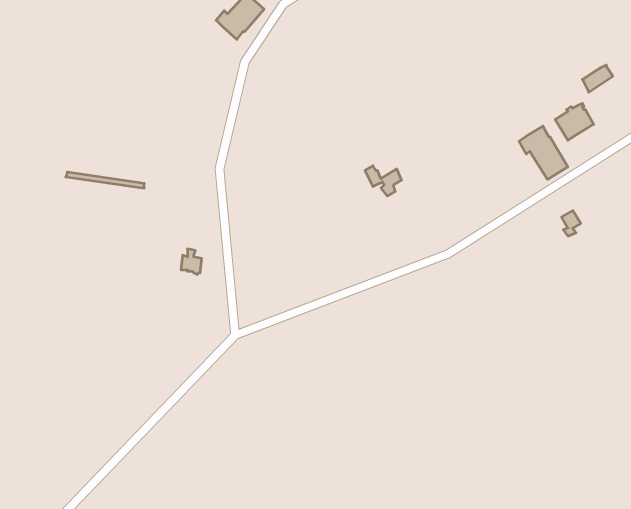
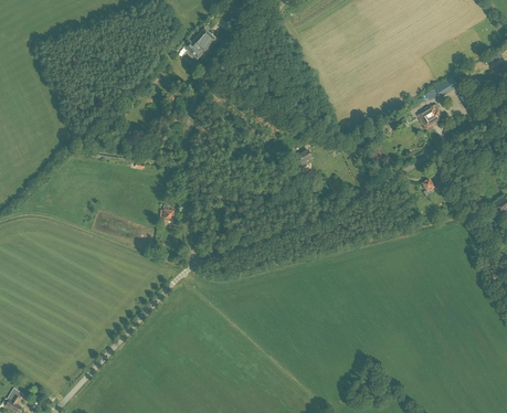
building: [519,126,568,179] -> none

